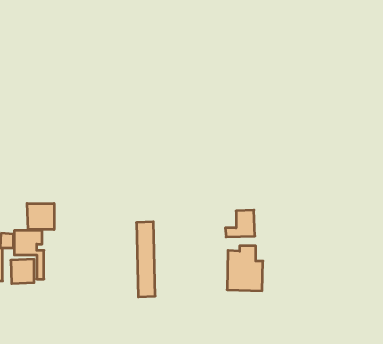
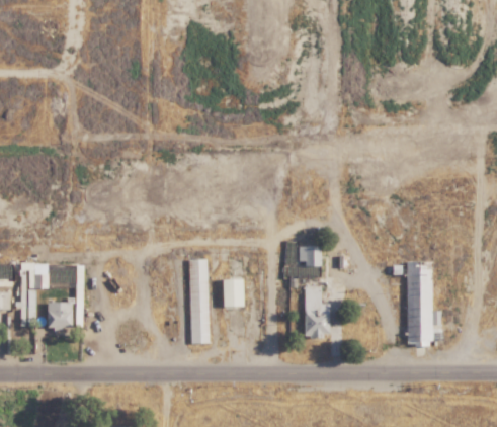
building: [27,203,54,230] -> none
building: none -> [406,260,441,345]
building: none -> [222,278,243,306]

